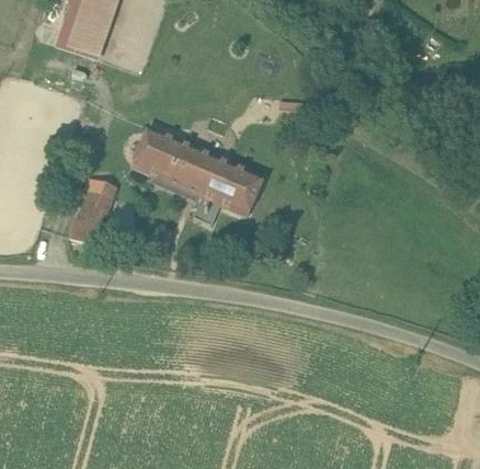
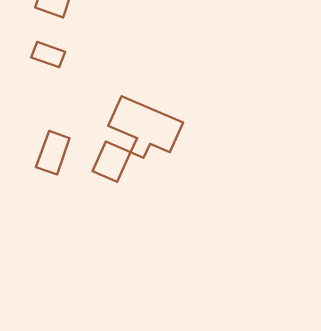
building: [59,23,104,57] -> [31,42,65,67]
building: [132,127,182,181] -> [93,142,130,182]

